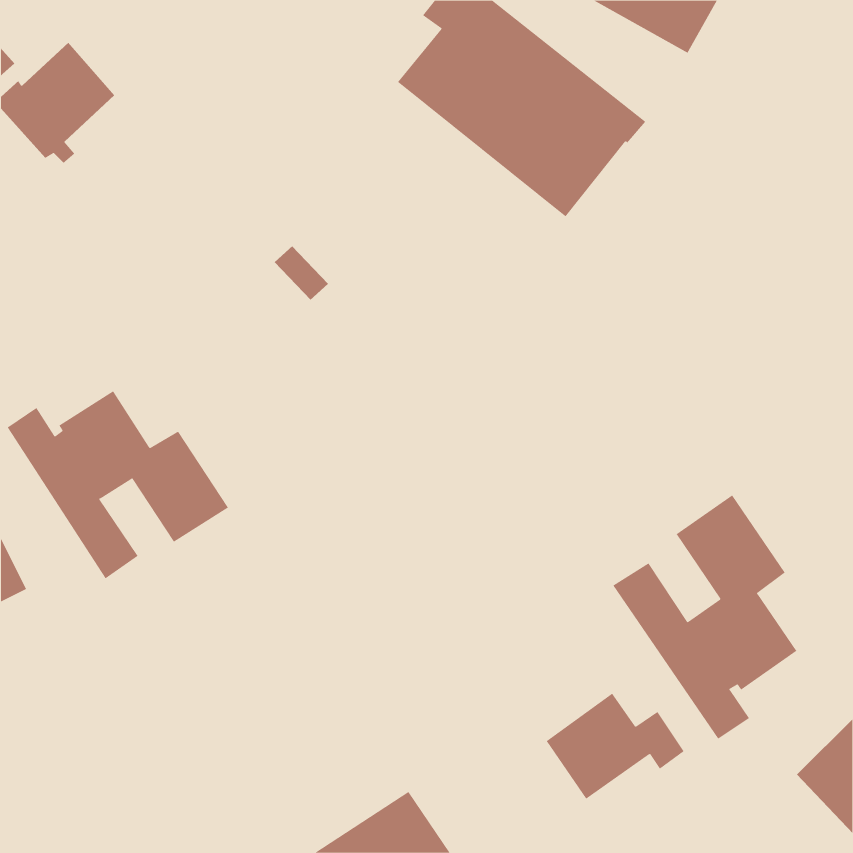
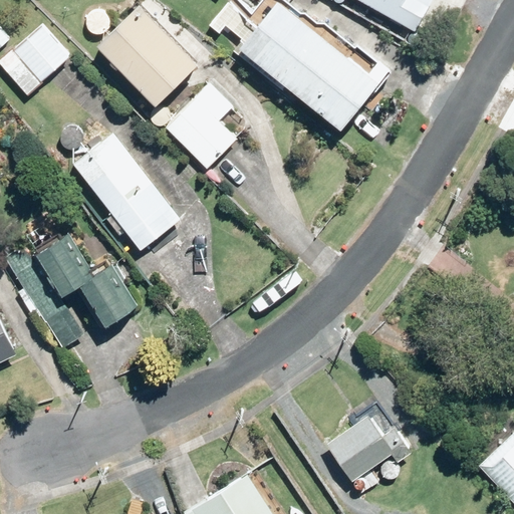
building: none -> [96,7,196,106]
building: none -> [165,82,237,169]
building: none -> [72,133,180,251]
building: [613,495,797,739] -> none

